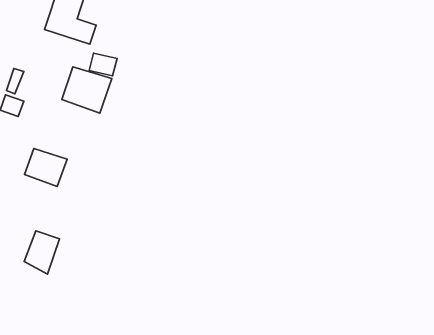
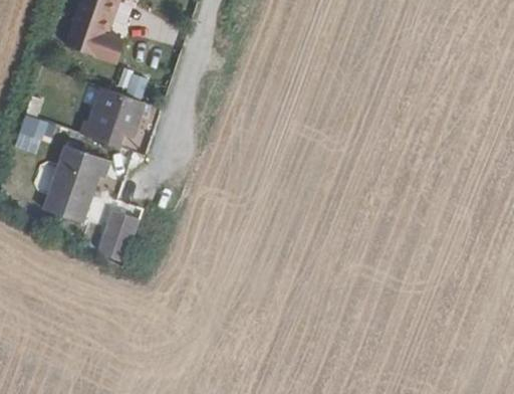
building: none -> [55,146,109,190]
building: [24,231,59,274] -> [97,217,137,265]

